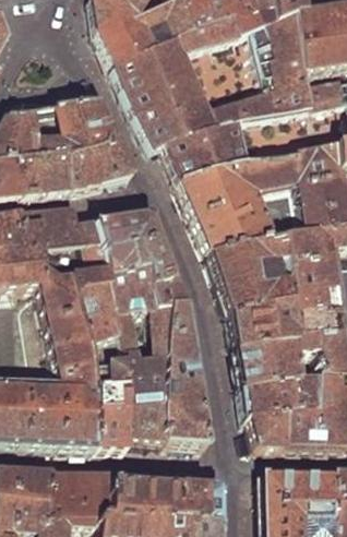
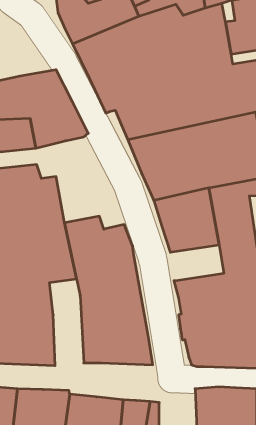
building: [97,211,179,283] -> none
building: [232,301,296,344] -> none
building: [89,342,130,444] -> none

